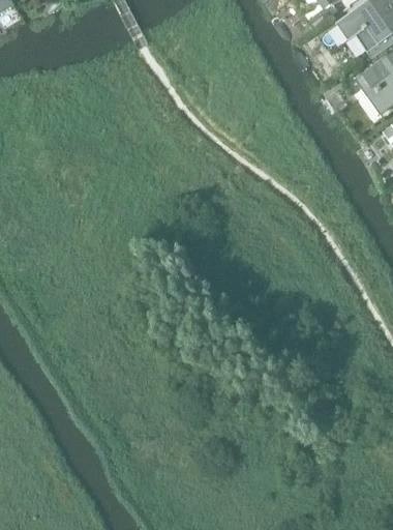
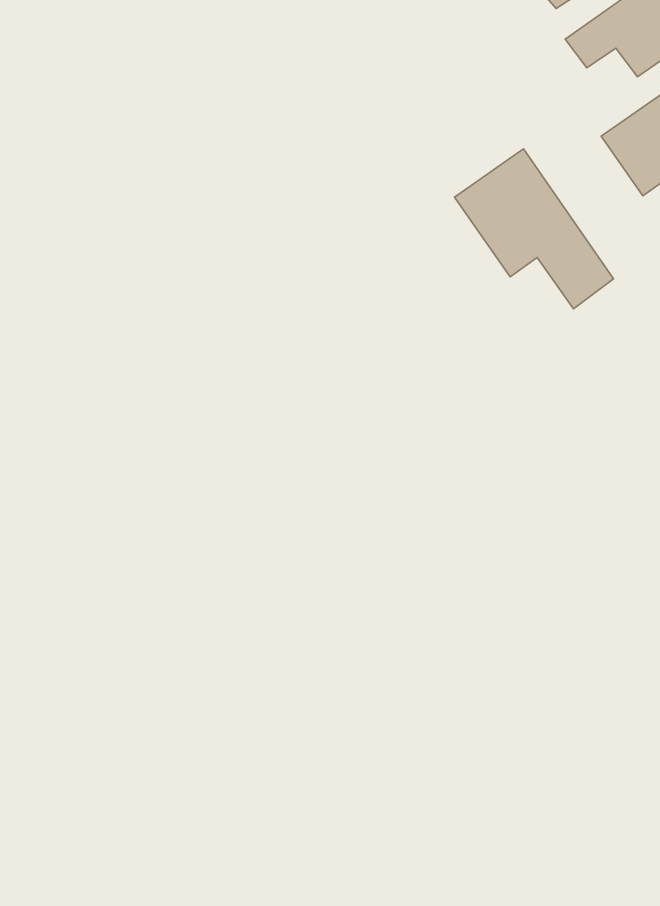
building: none -> [455,149,614,309]

